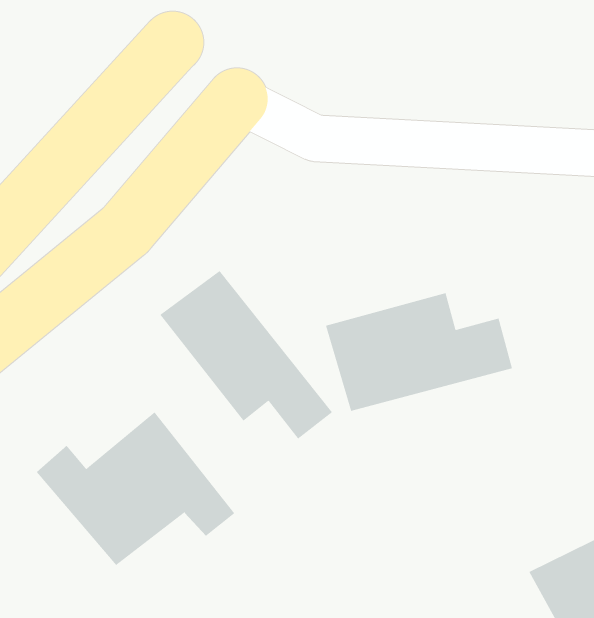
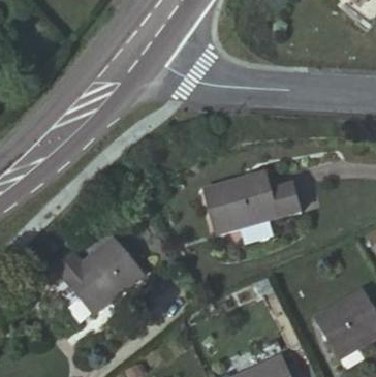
building: [160,270,333,440] -> none

